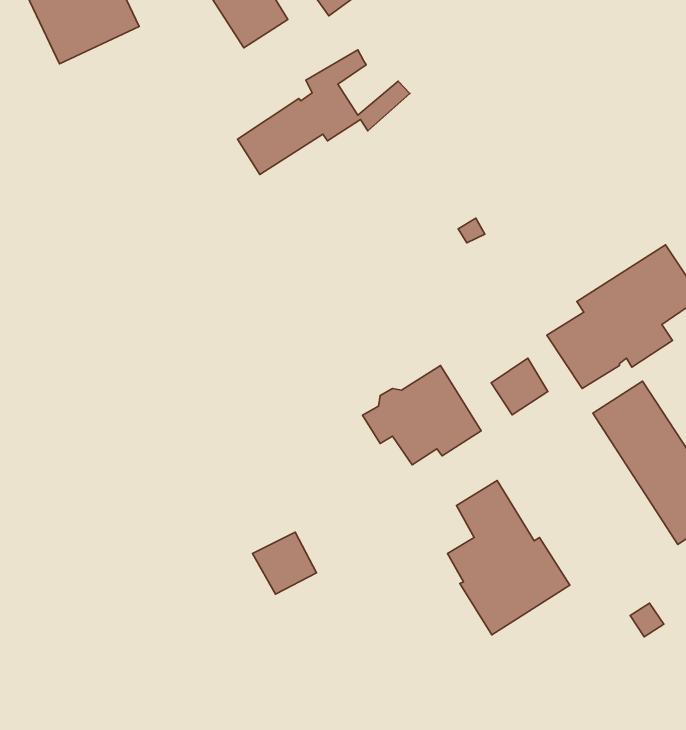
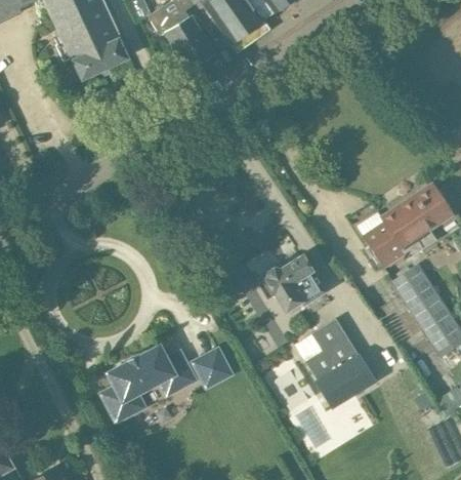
building: [237,50,410,174] -> none
building: [491,358,548,415] -> none
building: none -> [102,346,195,421]

